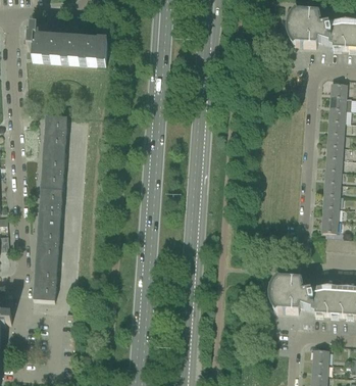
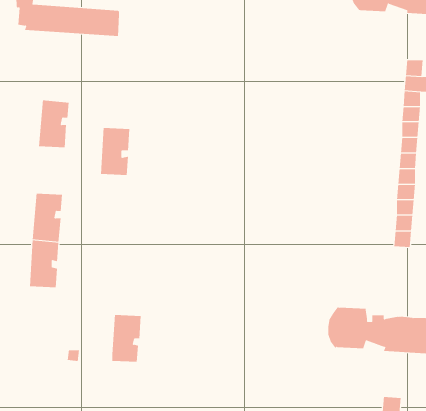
building: [41,151,64,189] -> [100,128,130,176]
building: [34,261,57,299] -> [112,314,141,362]

